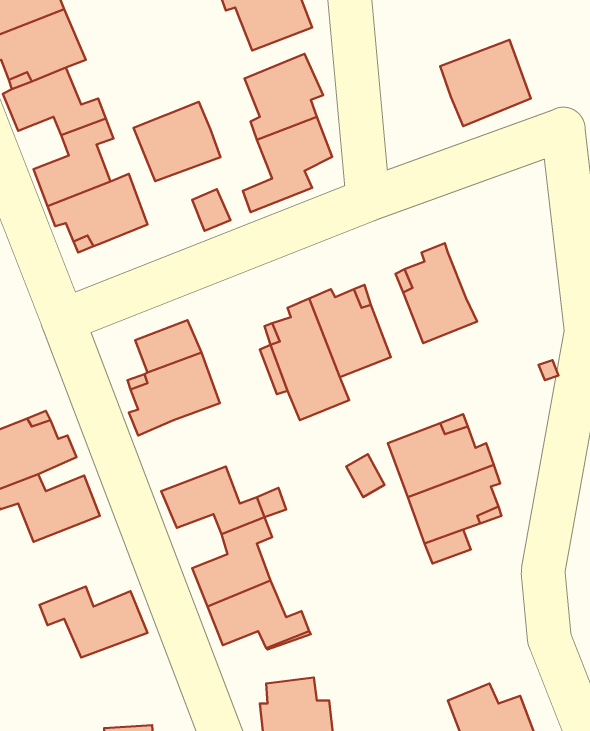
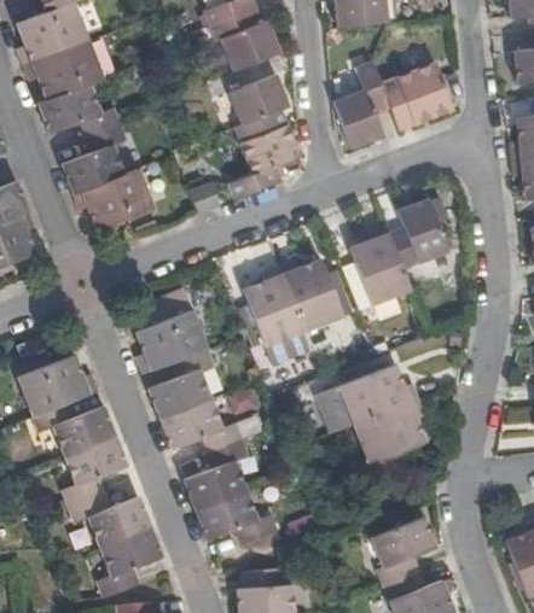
building: none -> [333,63,390,150]
building: [133,102,220,181] -> none
building: none -> [388,198,451,267]
building: none -> [151,349,215,418]
building: none -> [62,437,127,507]
building: none -> [373,513,440,582]
building: none -> [98,529,163,597]

